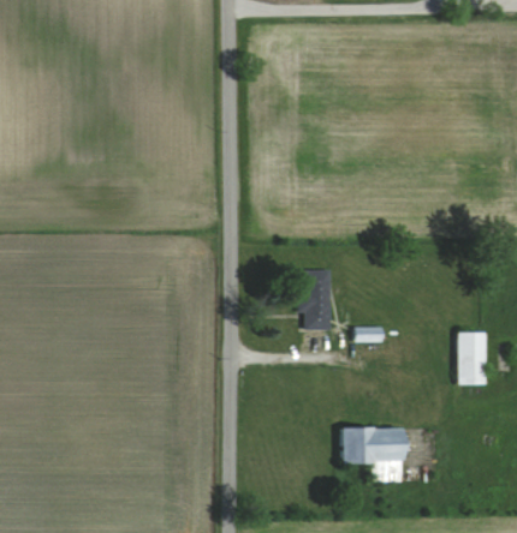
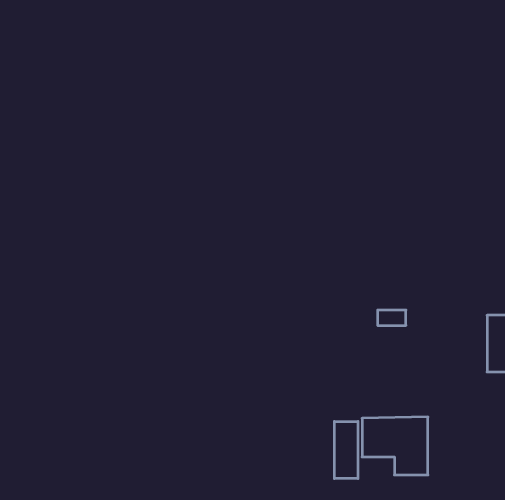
building: [299,269,331,329] -> none
building: none -> [334,421,358,479]

